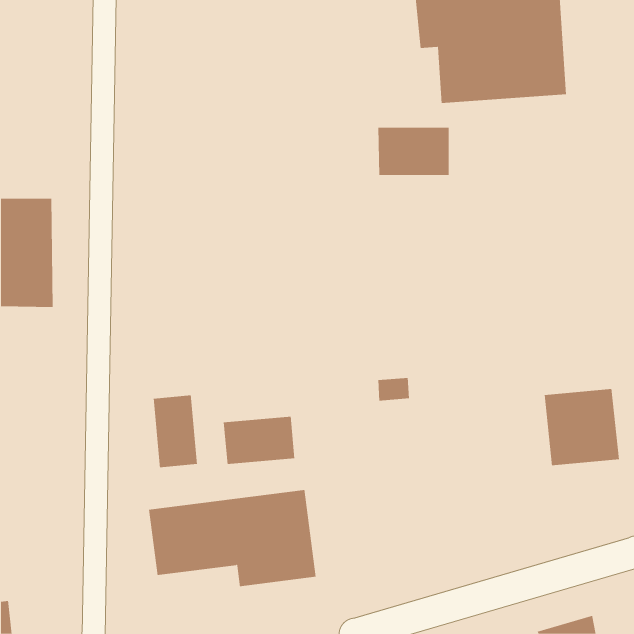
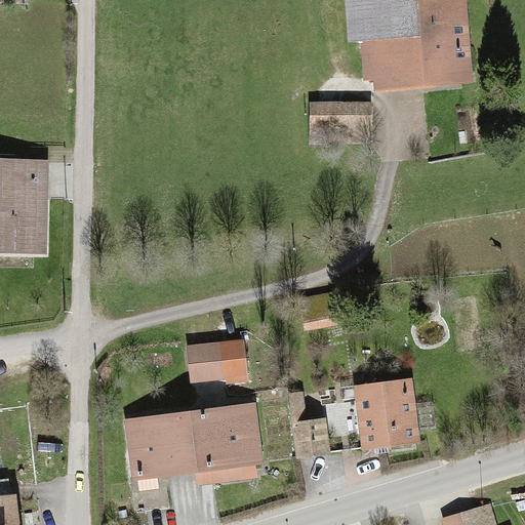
building: [544,389,620,466] -> [355,380,417,444]
building: [153,395,198,468] -> none
building: none -> [296,419,327,454]

